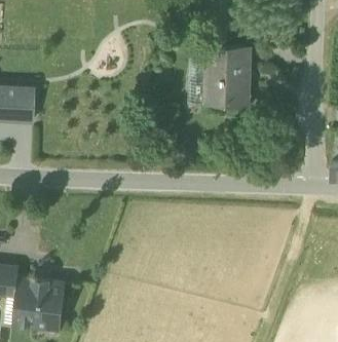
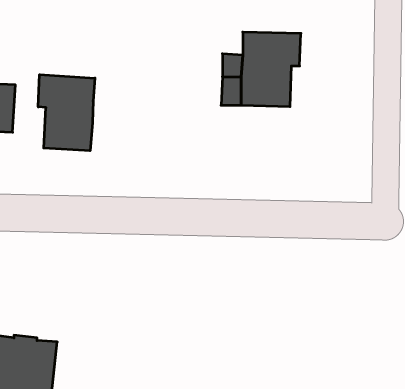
building: none -> [38,75,95,151]

